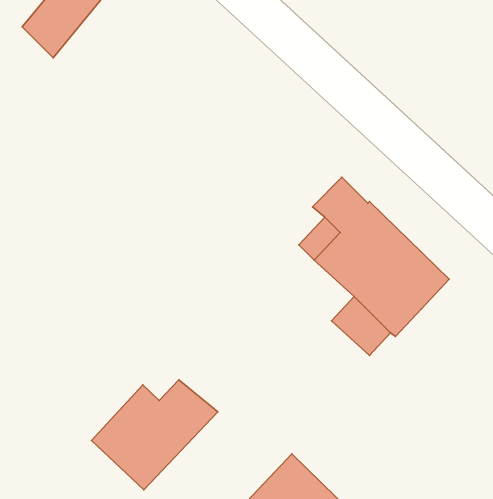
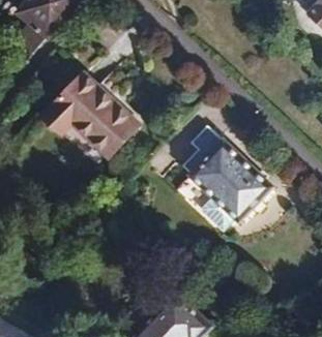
building: none -> [40,70,138,156]
building: [91,380,218,490] -> none

